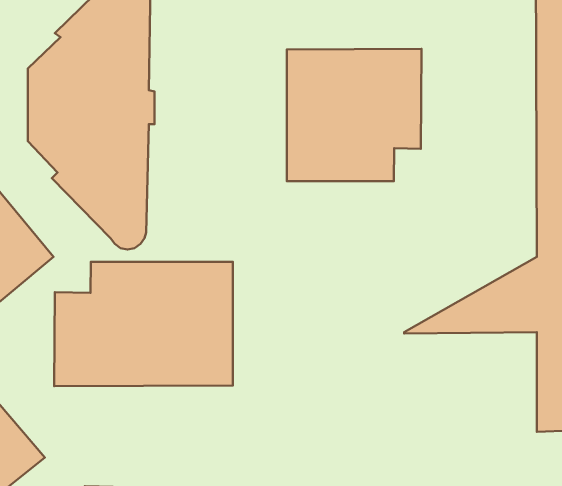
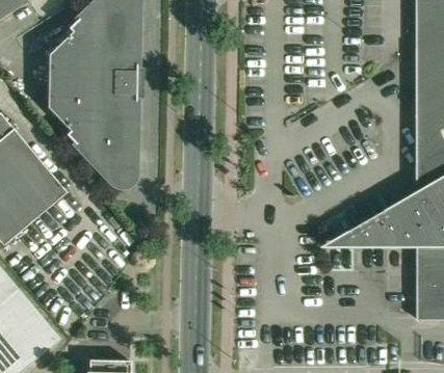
building: [287,49,421,181] -> none
building: [54,262,233,386] -> none

